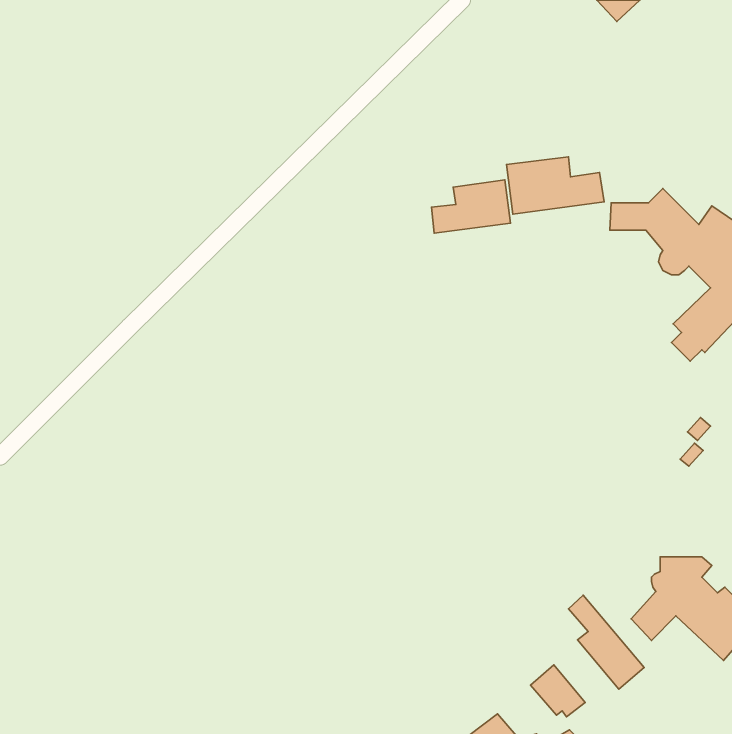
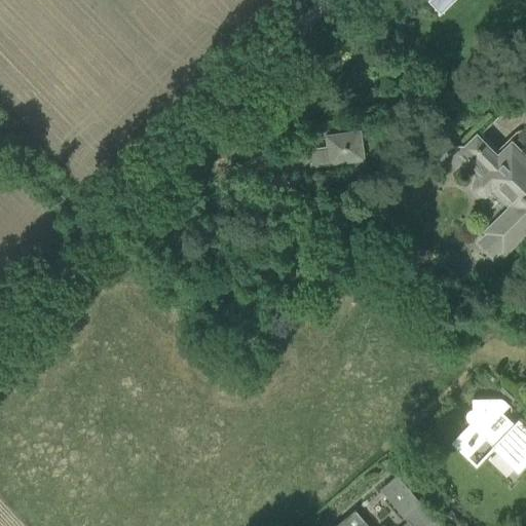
building: [506,157,604,214] -> none
building: [568,595,644,689] -> none

